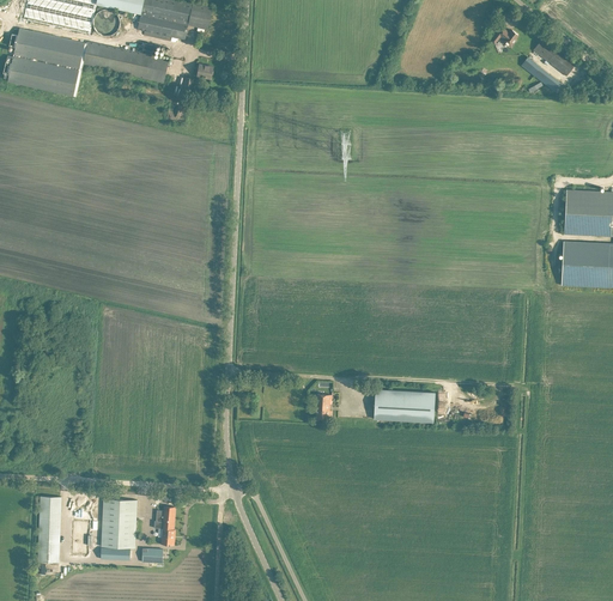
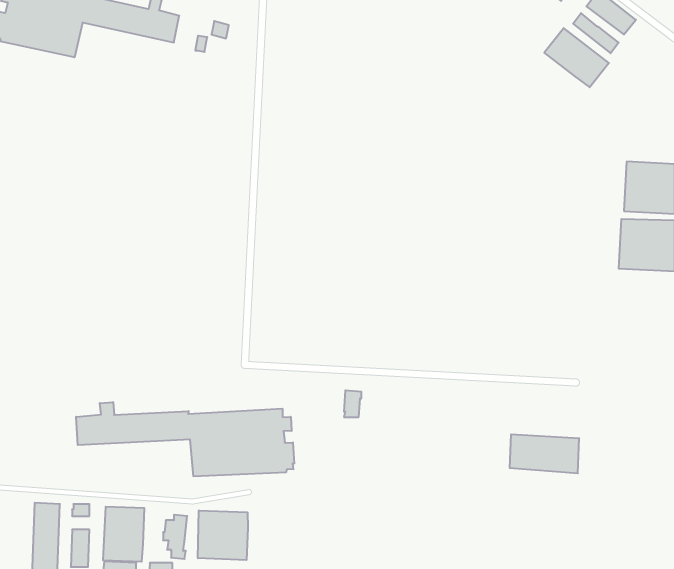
building: none -> [544,28,609,87]
building: [372,388,435,423] -> [510,434,579,473]
building: none -> [76,402,294,476]
building: none -> [198,510,248,560]

